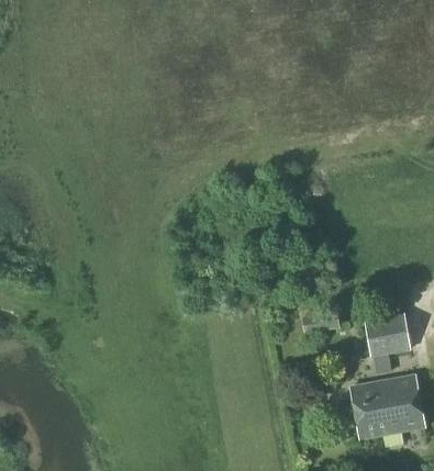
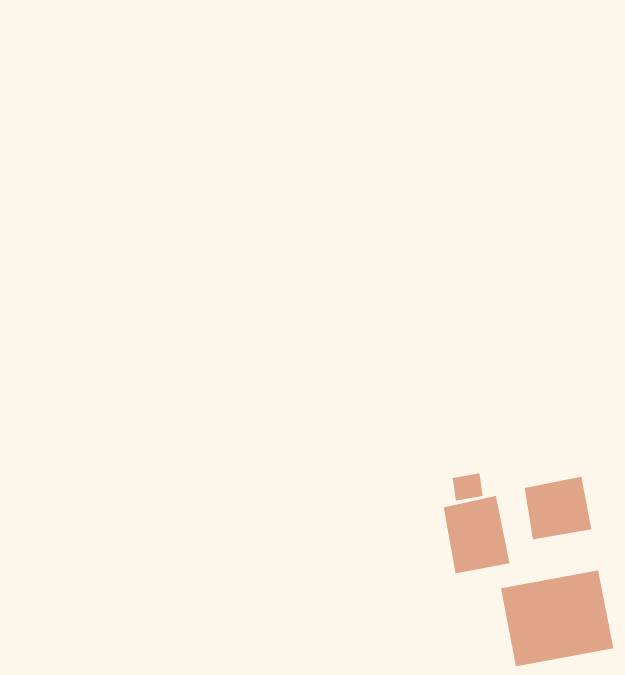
building: none -> [443,495,510,574]

